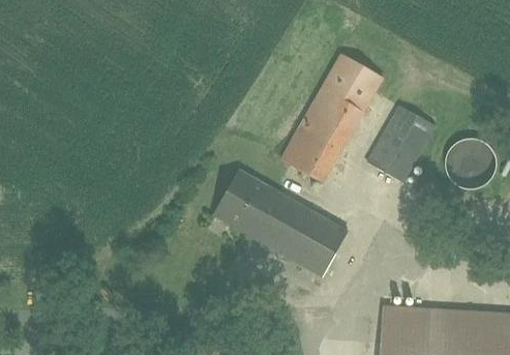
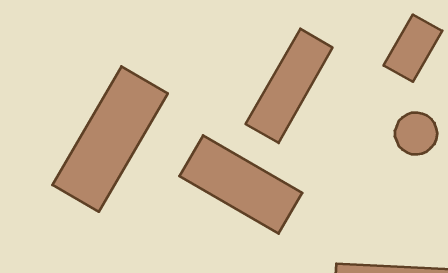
building: none -> [52,66,168,212]
building: [370,108,434,181] -> [384,15,442,82]

